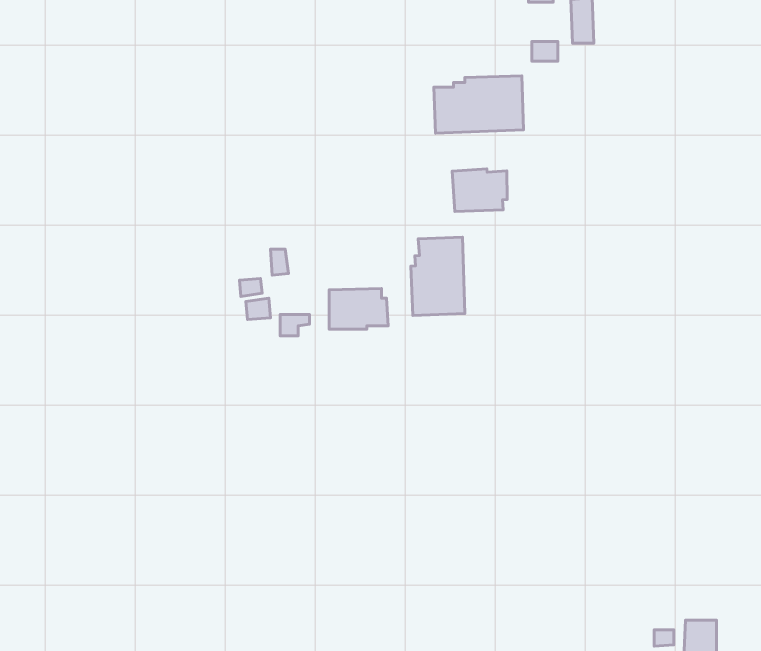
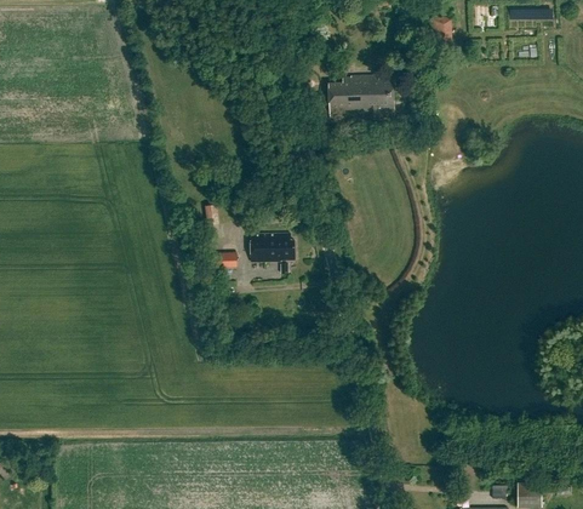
building: [452,169,507,212] -> none
building: [411,237,465,315] -> none

